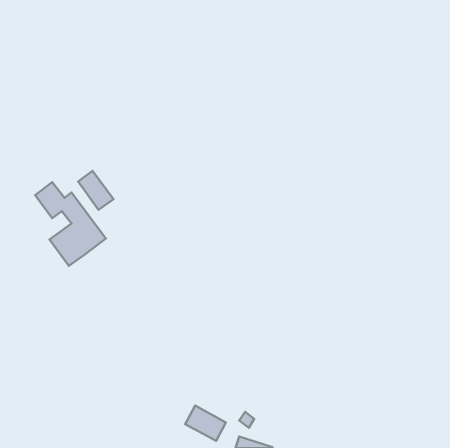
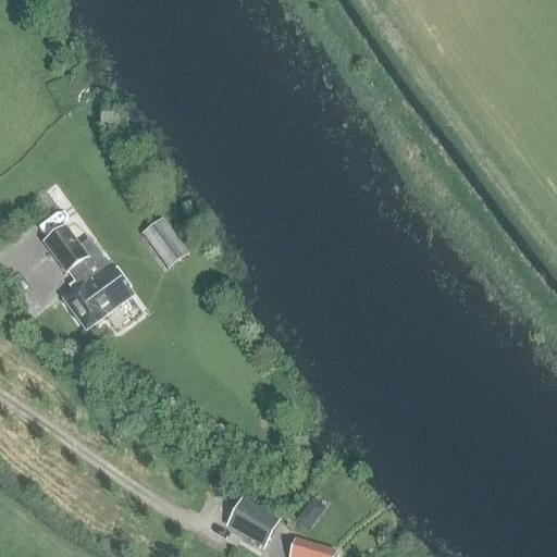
building: [78,171,114,210] -> [145,218,188,265]

